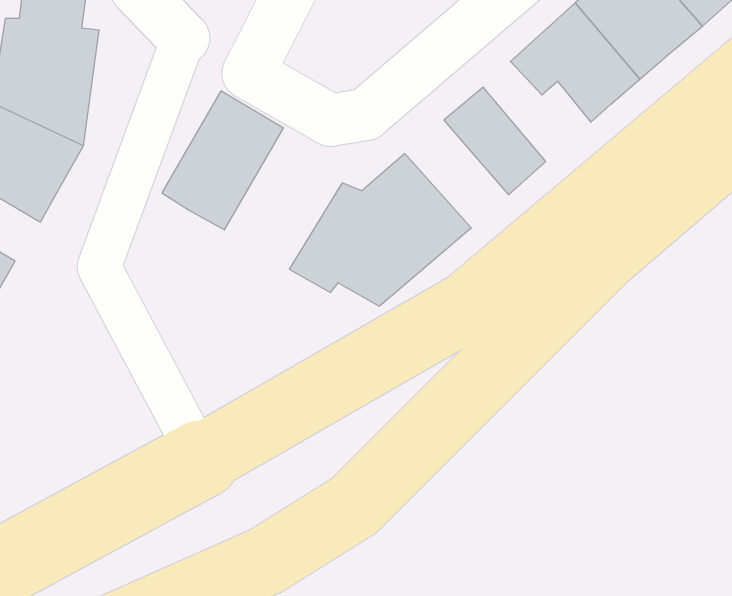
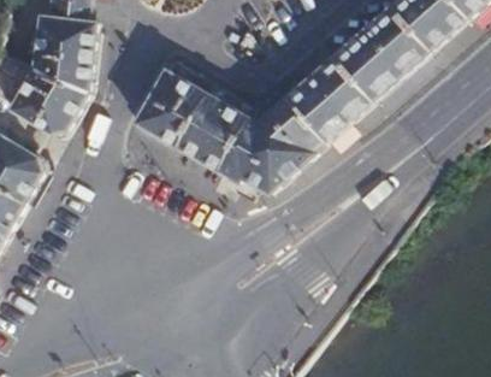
building: none -> [333,41,400,102]
building: none -> [285,77,349,143]
building: none -> [174,82,253,169]

